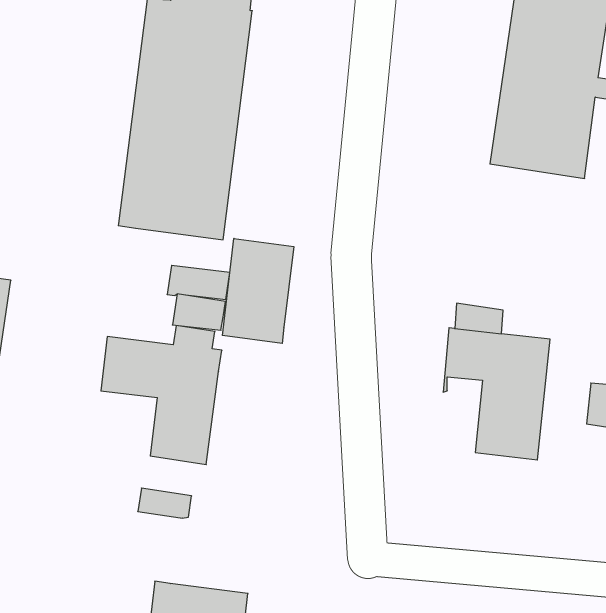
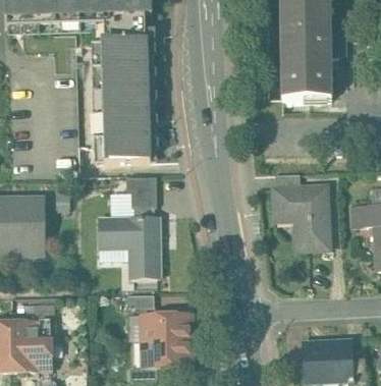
building: [222,238,294,343] -> none
building: none -> [142,313,191,340]

